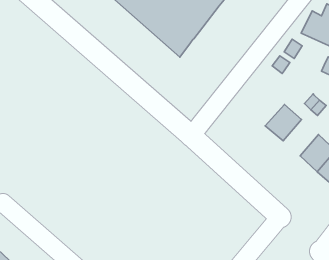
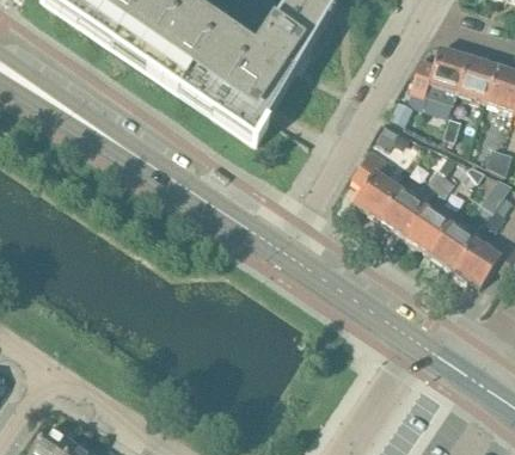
building: none -> [351,146,399,217]
building: none -> [404,203,449,251]

